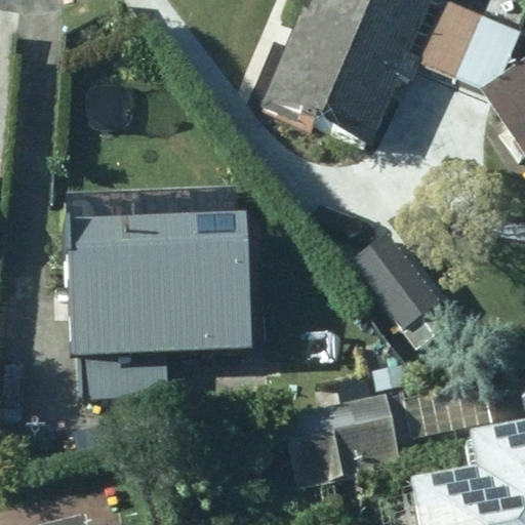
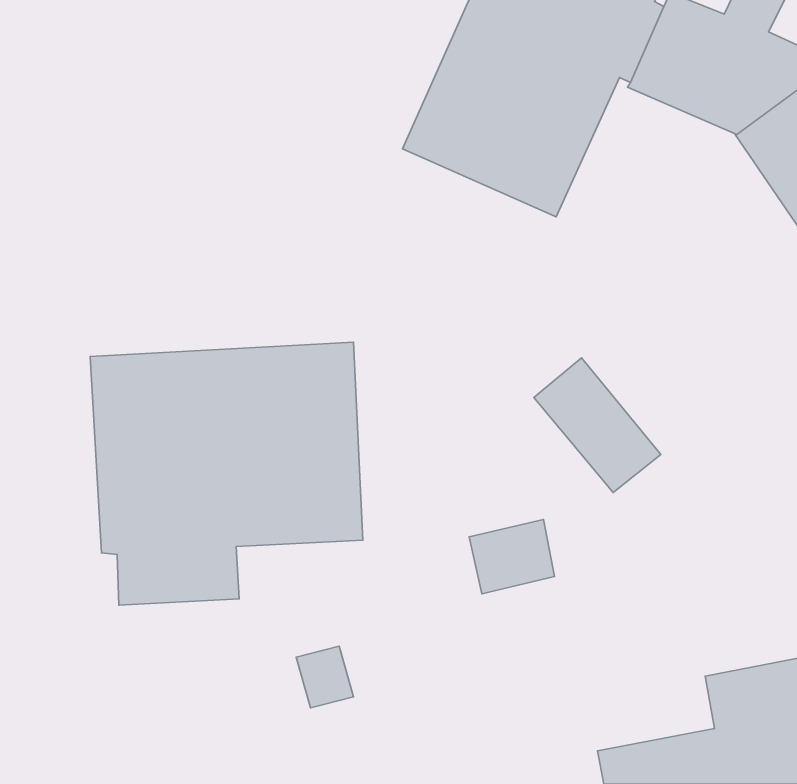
building: [284,395,399,481] -> none

